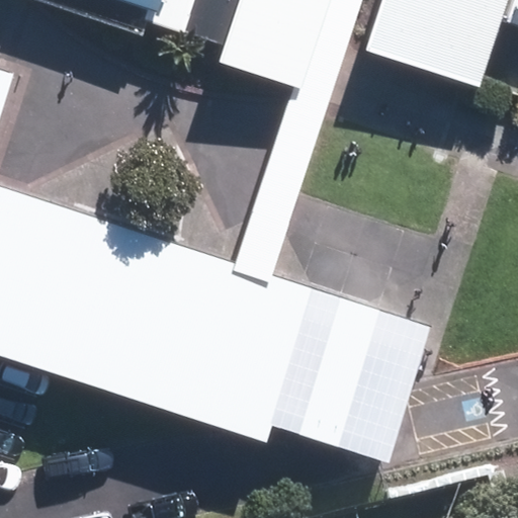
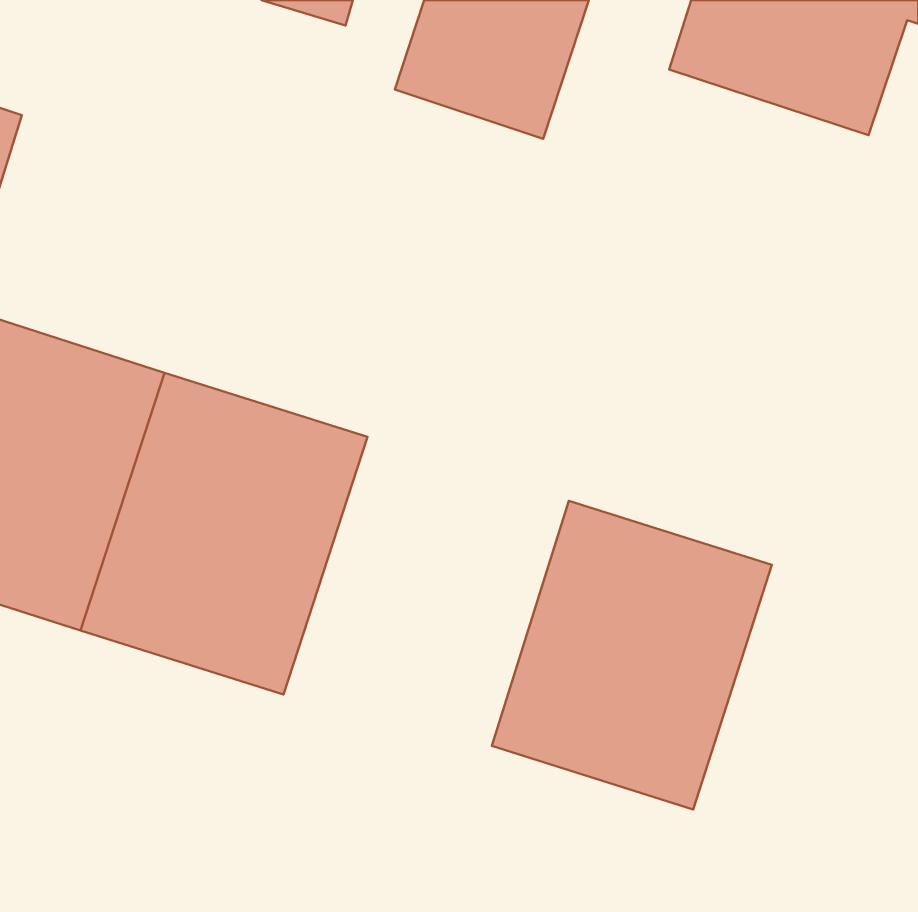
building: [157,254,315,432] -> none

